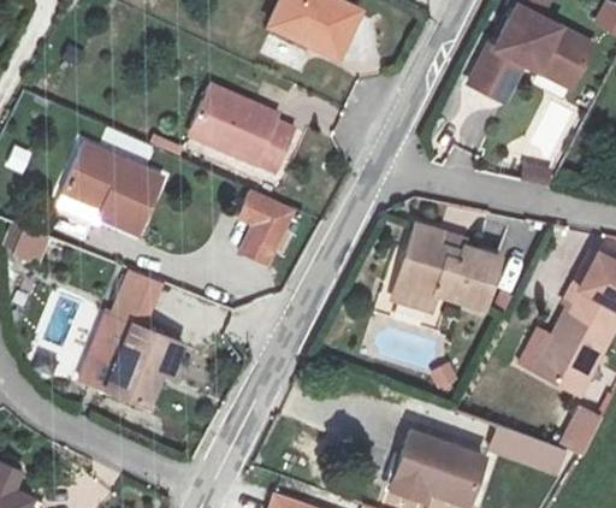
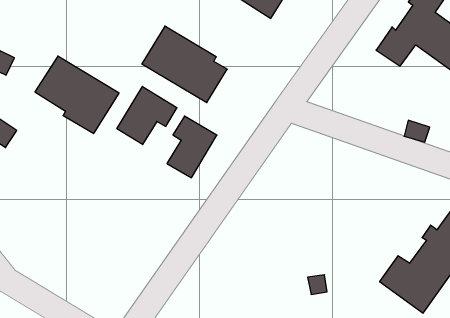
building: none -> [117,86,177,145]
building: [390,215,508,315] -> none
building: [81,271,185,409] -> none

